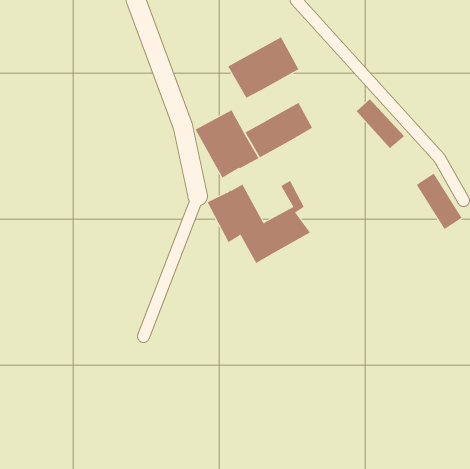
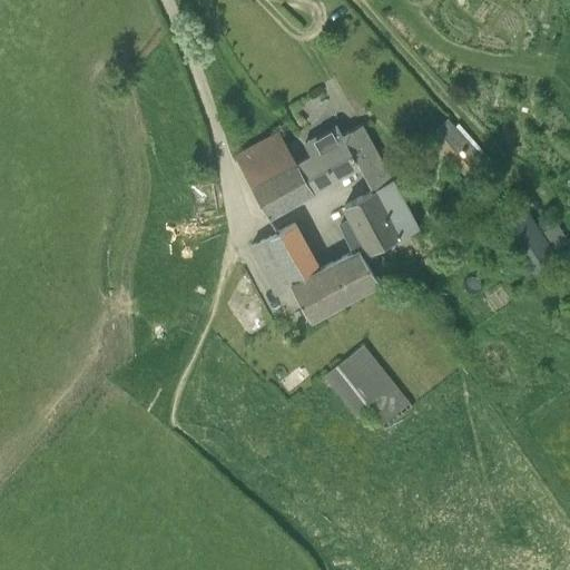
building: [228,36,299,98] -> none
building: none -> [344,156,417,252]
building: none -> [324,345,411,428]

